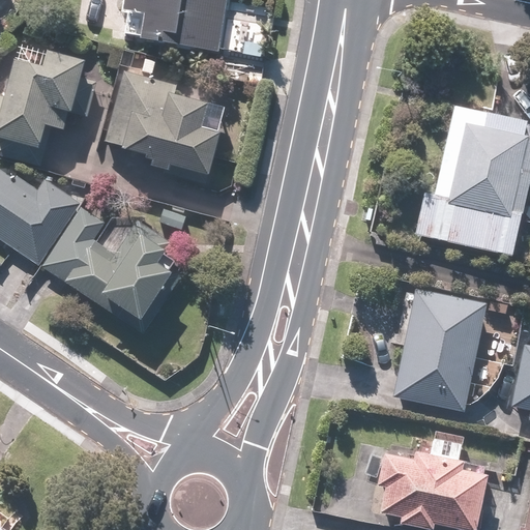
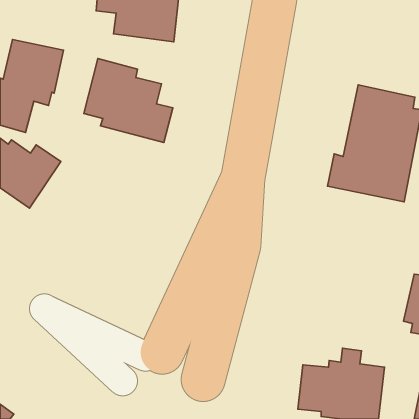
building: [45,206,169,325] -> none
building: [395,288,483,406] -> none

